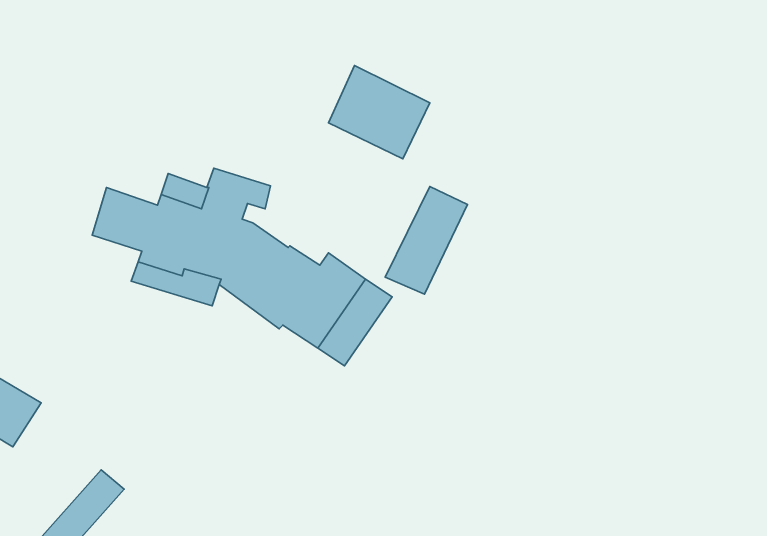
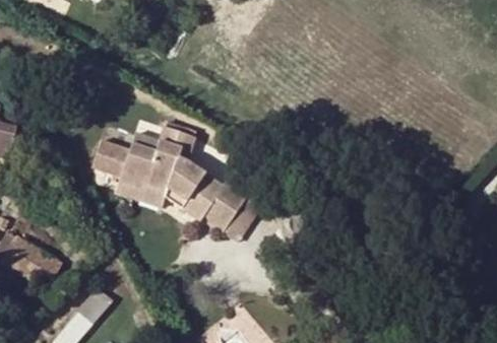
building: [329,66,430,159] -> none
building: [385,186,467,294] -> none

